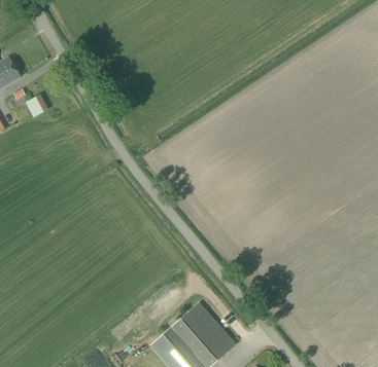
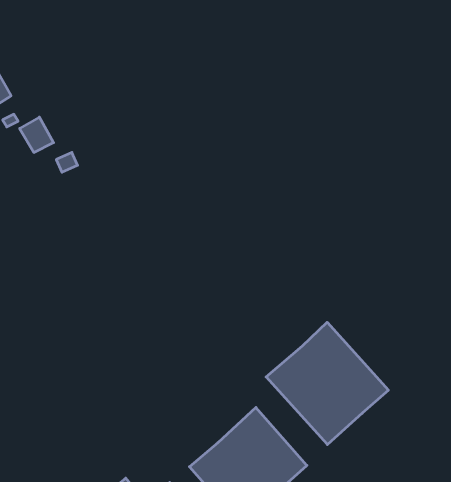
building: none -> [266,322,388,445]

